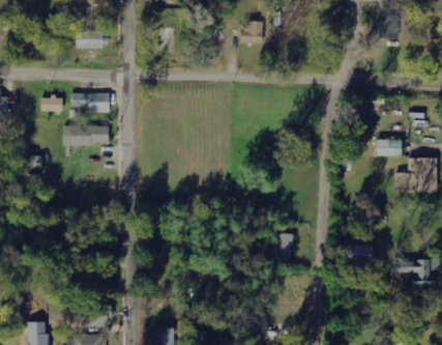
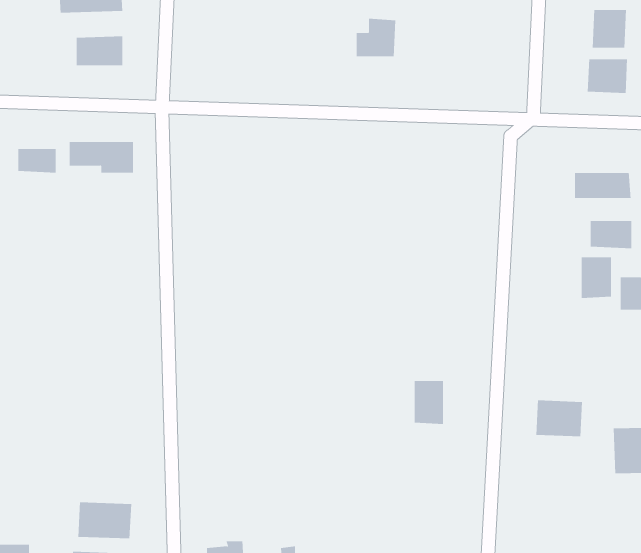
building: none -> [587,59,628,94]
building: none -> [574,172,631,199]
building: [62,124,109,145] -> none
building: none -> [581,257,611,299]

